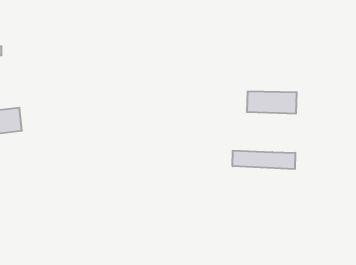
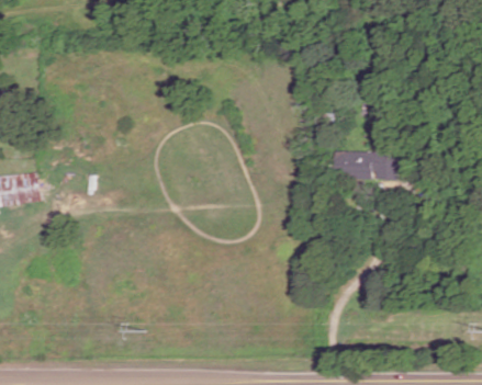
building: [233,151,295,169] -> none

